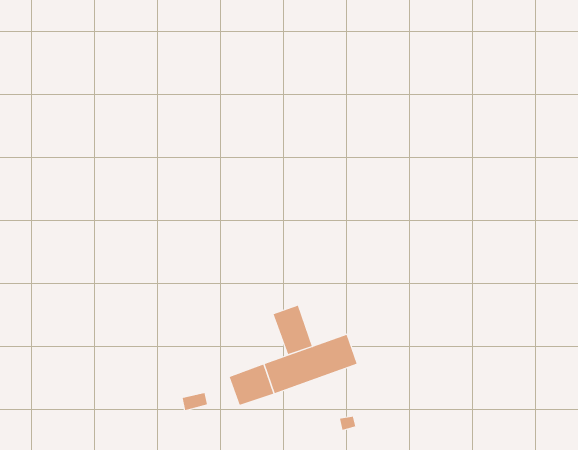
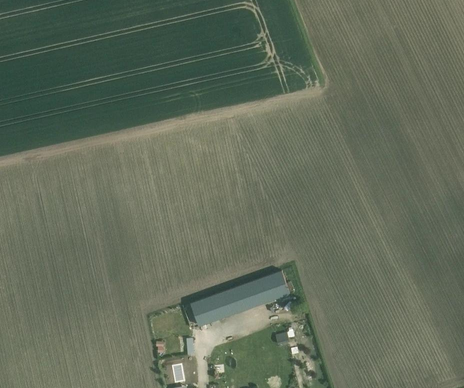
building: [273,305,312,355] -> none

